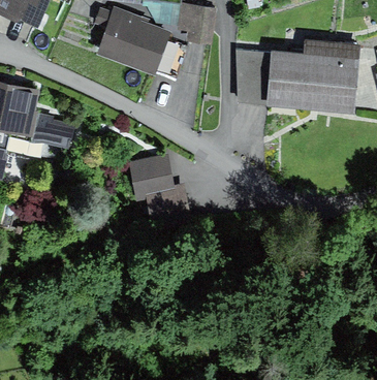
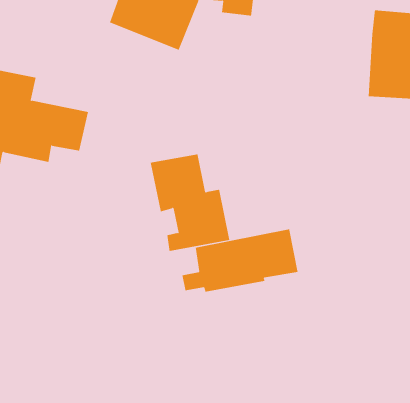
building: [235,53,308,107] -> none
building: none -> [182,228,298,292]

